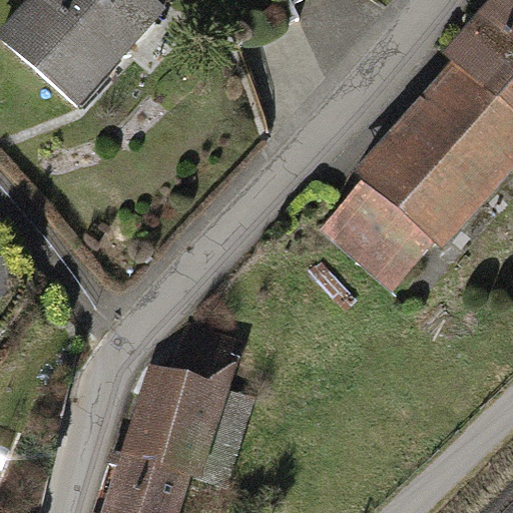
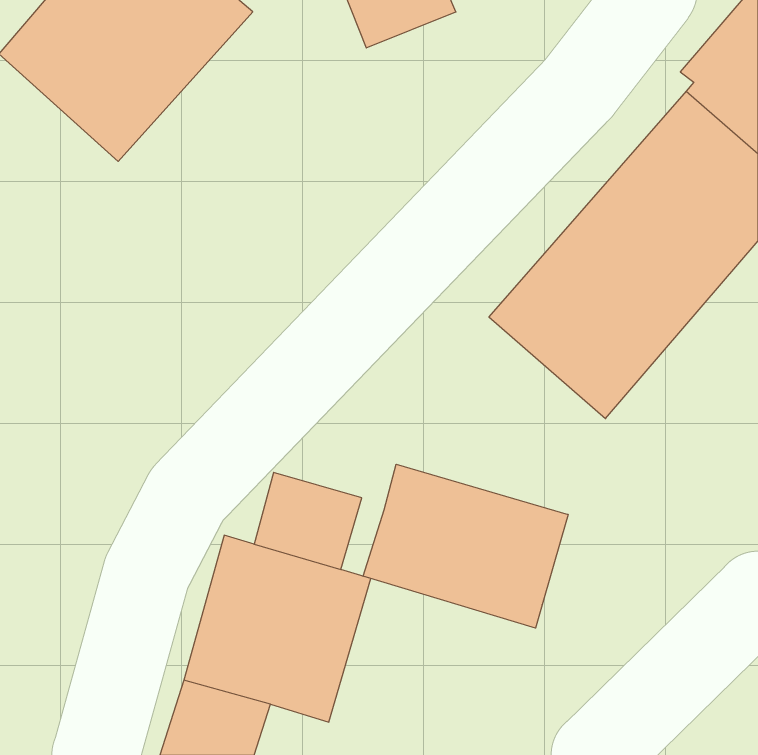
building: none -> [363,464,568,628]

